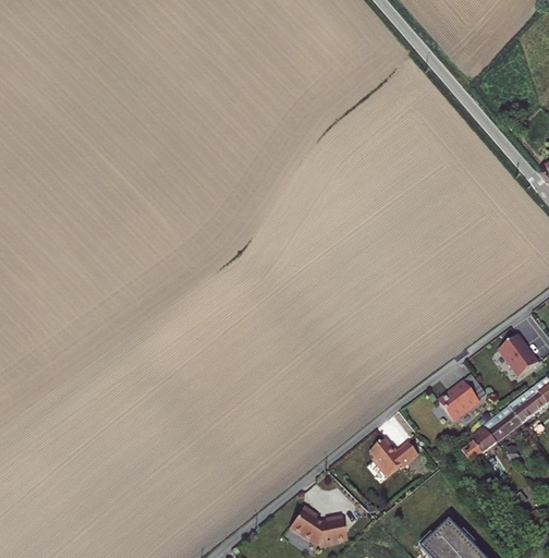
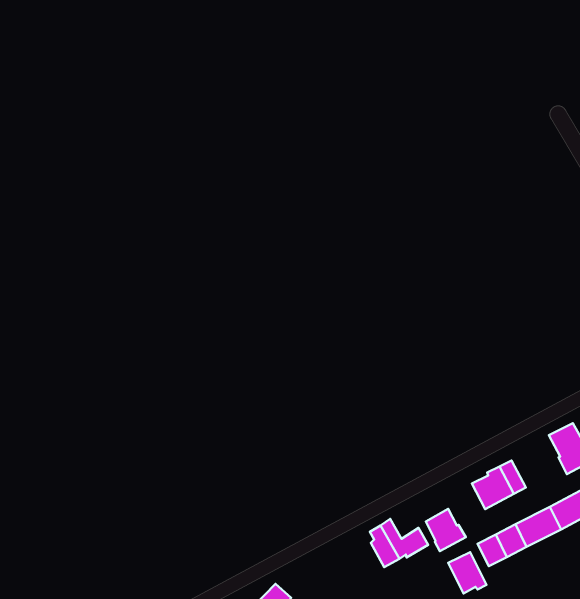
building: none -> [426,509,466,551]
building: none -> [448,552,486,593]

